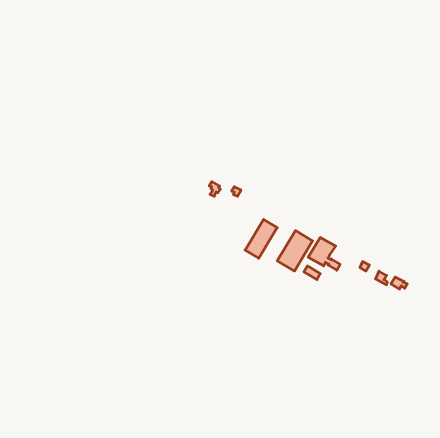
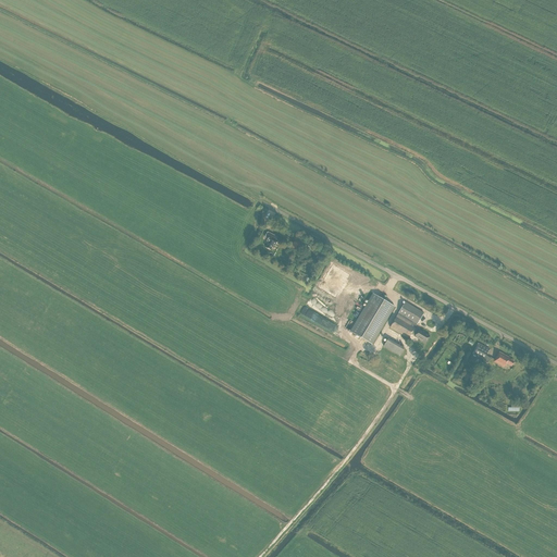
building: [245,219,277,258] -> none

